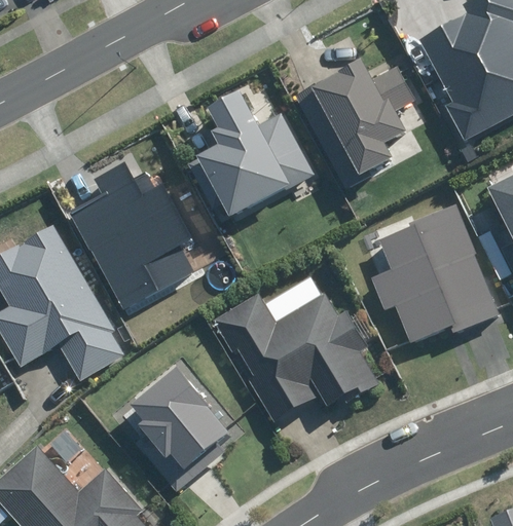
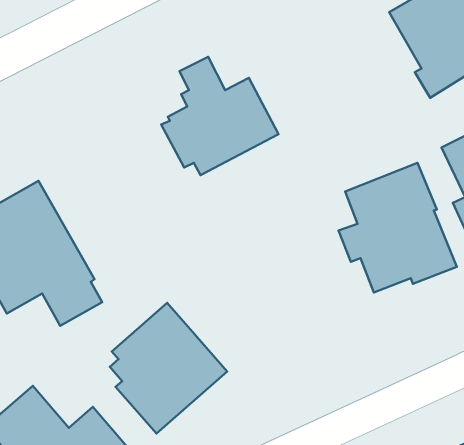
building: [291,59,410,187] -> none
building: [63,161,190,310] -> none
building: [220,293,382,422] -> none

